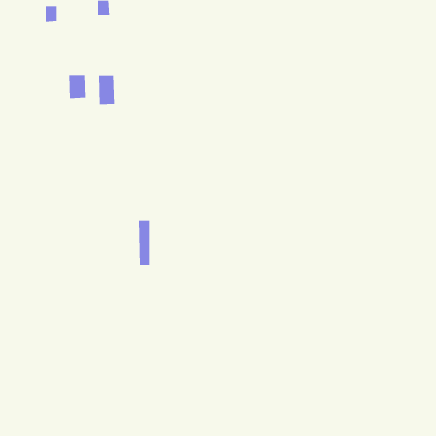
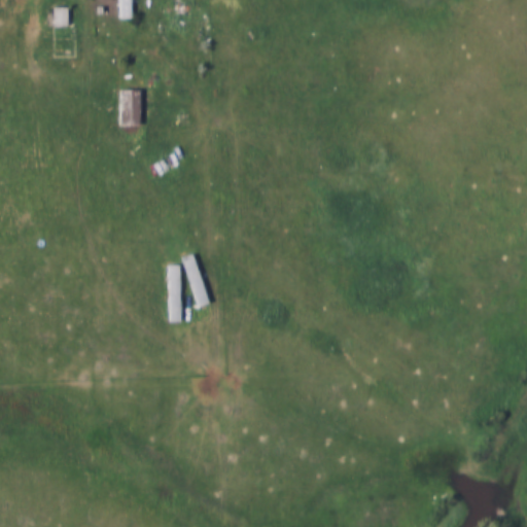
building: [69,75,86,99] -> none
building: none -> [180,253,210,307]

